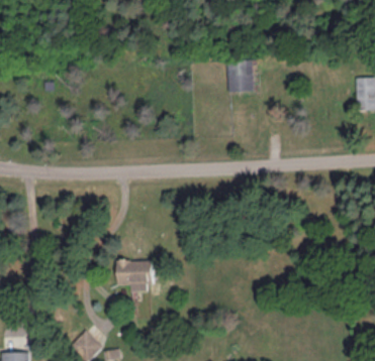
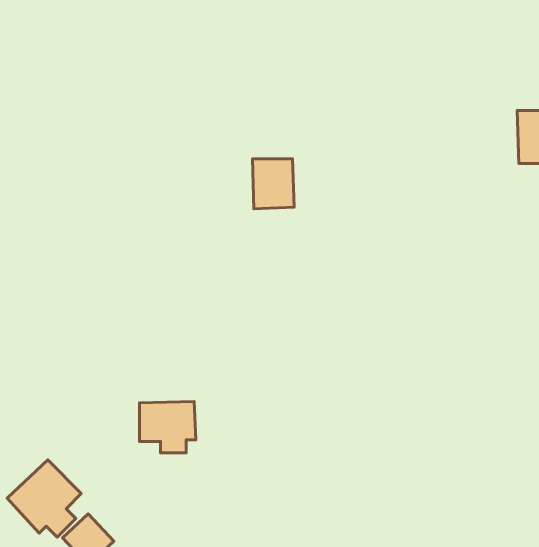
building: [226,62,253,93] -> [252,159,294,209]
building: none -> [7,460,81,537]

